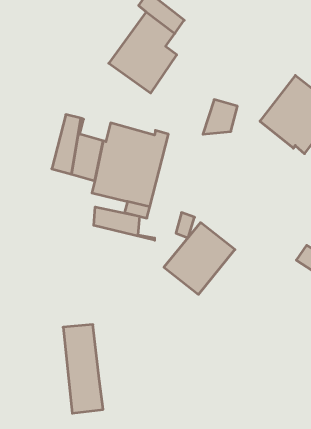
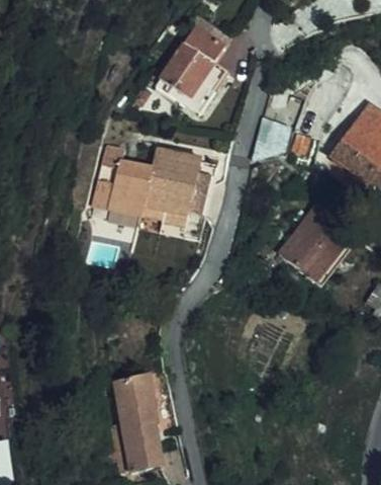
building: [94,207,155,240] -> none
building: [164,223,235,294] -> [281,209,358,287]
building: none -> [137,363,167,427]

